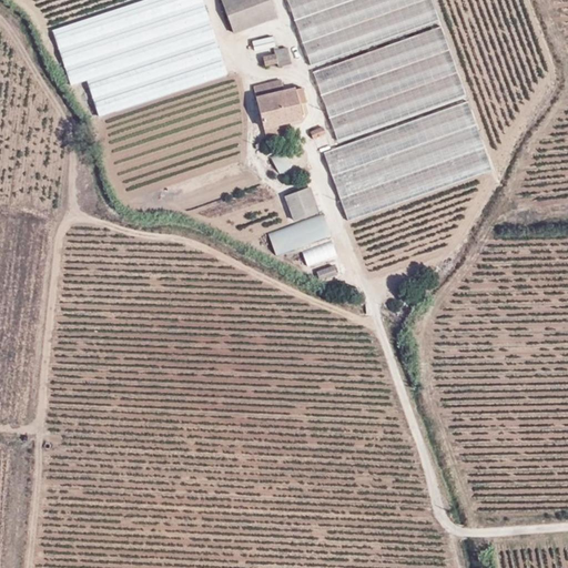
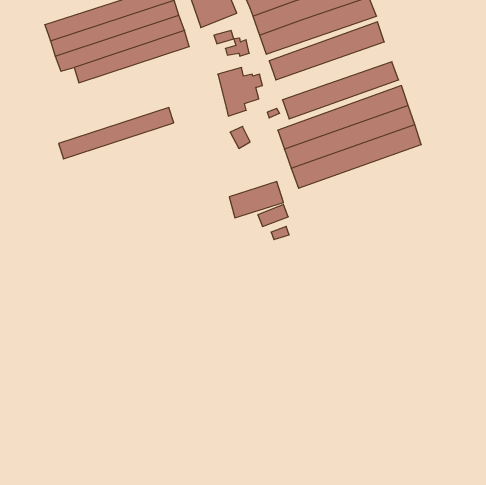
building: [322,49,457,116] -> none
building: [92,54,226,114] -> [59,108,174,159]
building: [284,185,320,220] -> none

